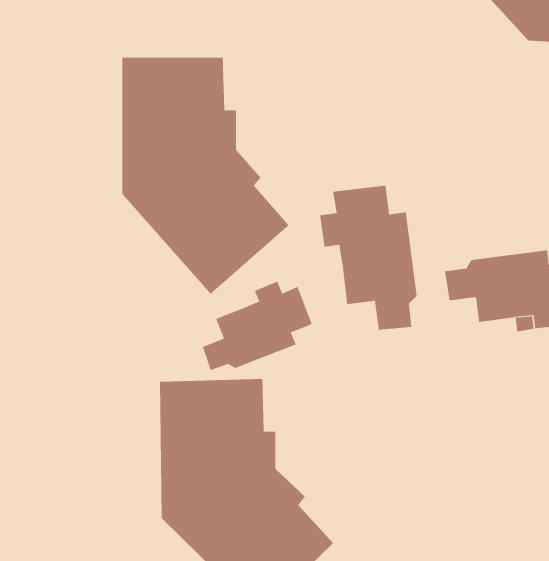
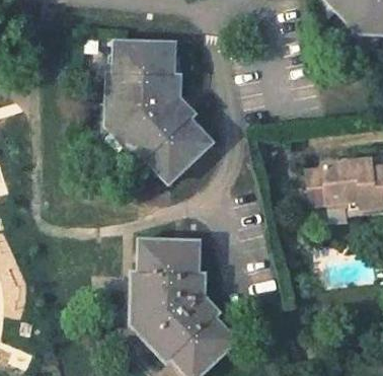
building: [320,185,417,331] -> none
building: [202,281,312,371] -> none

